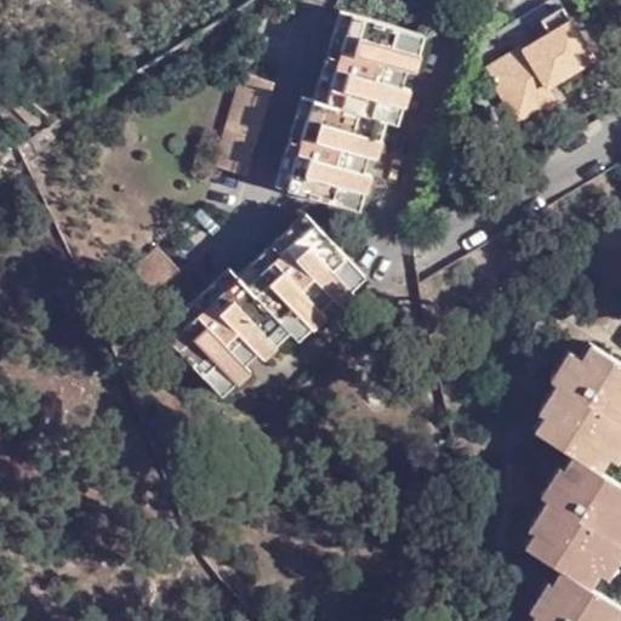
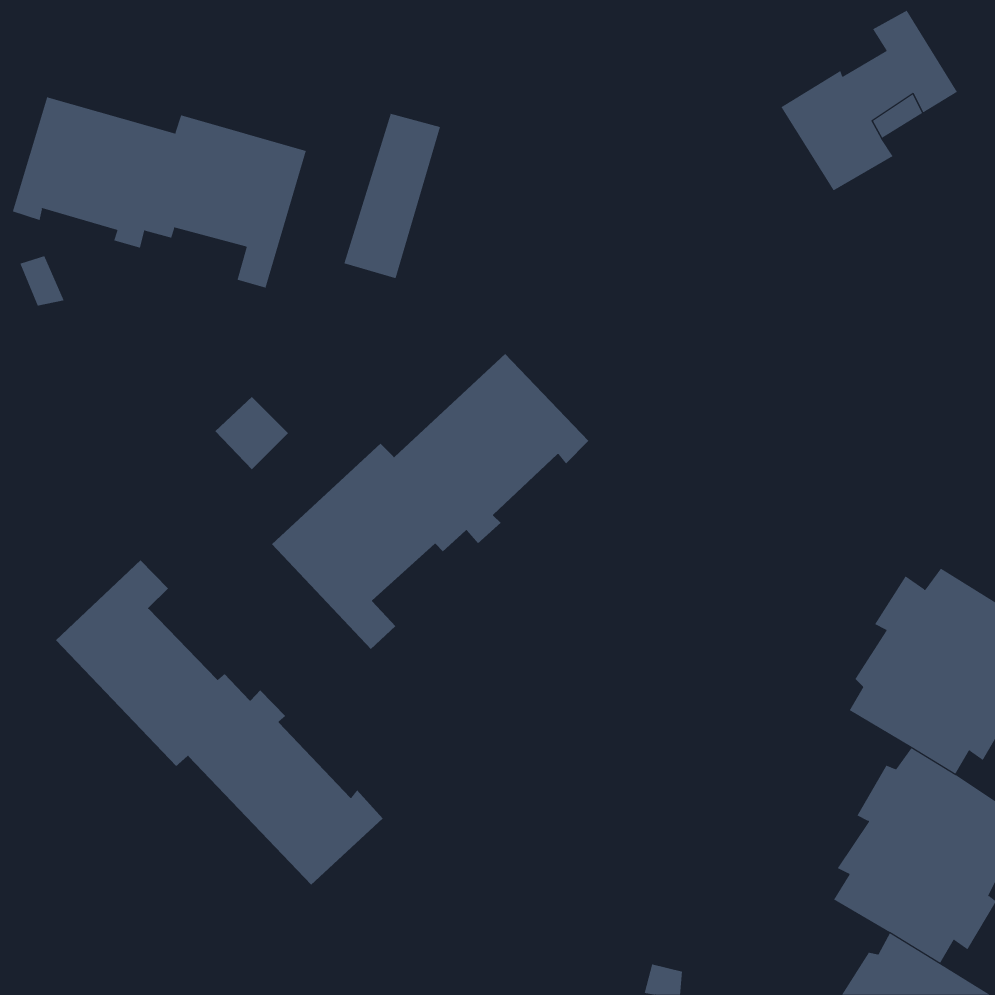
building: [289,11,426,207] -> none
building: none -> [12,96,307,288]
building: none -> [55,559,383,886]

